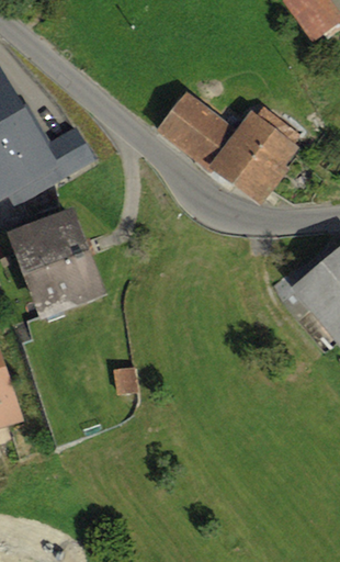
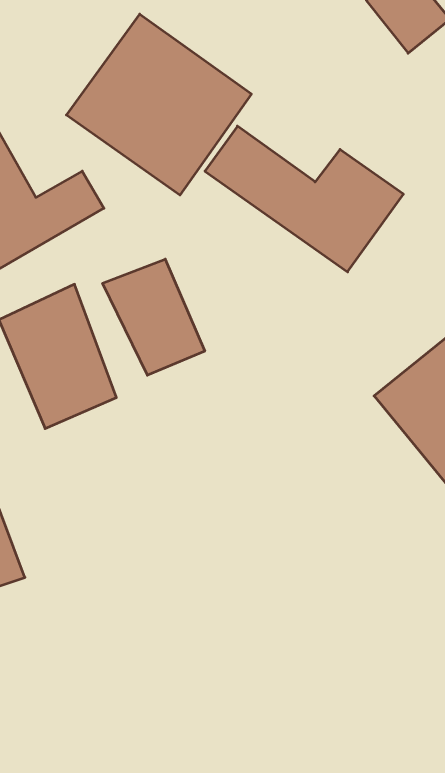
building: none -> [66,14,251,195]
building: none -> [103,259,205,375]

